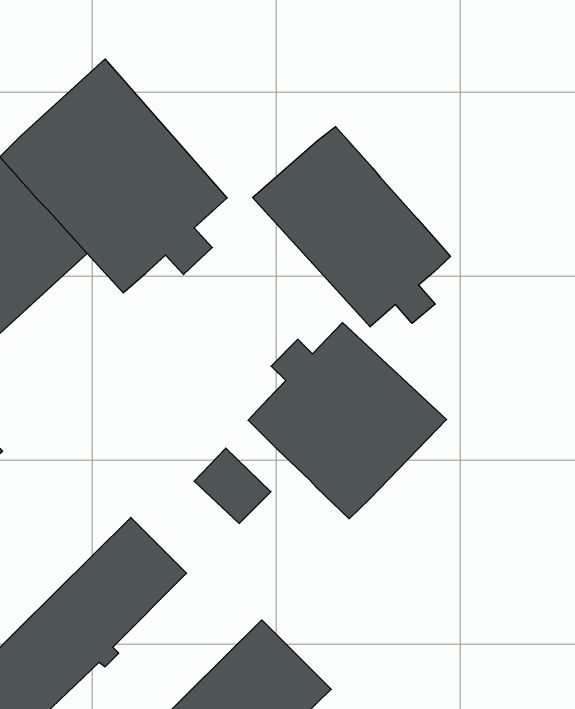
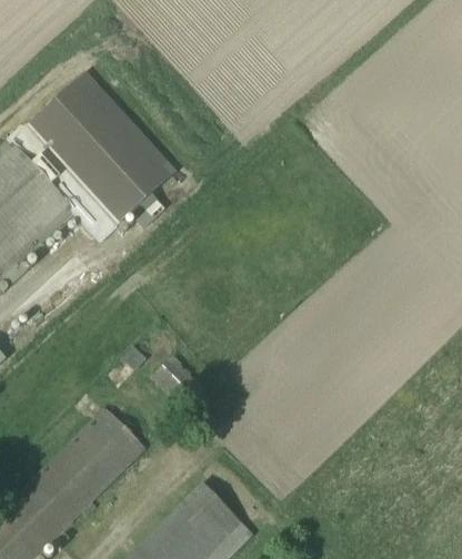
building: [253,127,450,327] -> none
building: [248,323,447,519] -> none

